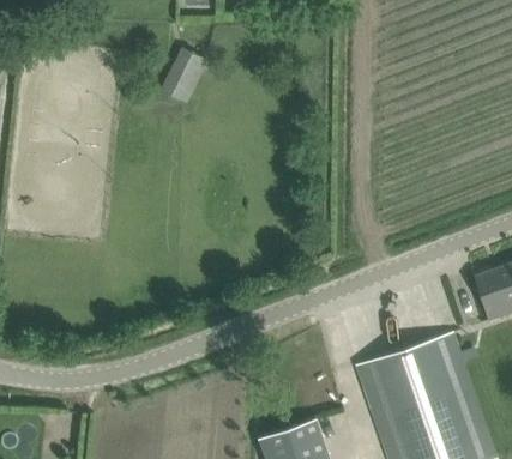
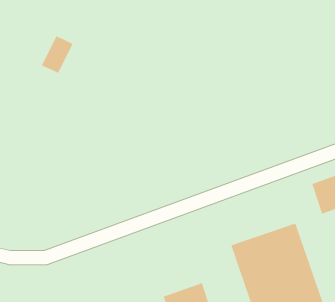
building: [161,48,207,103] -> [41,36,73,74]

